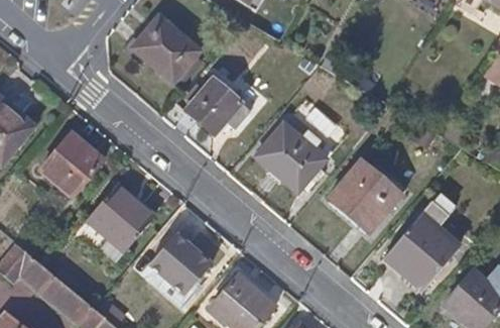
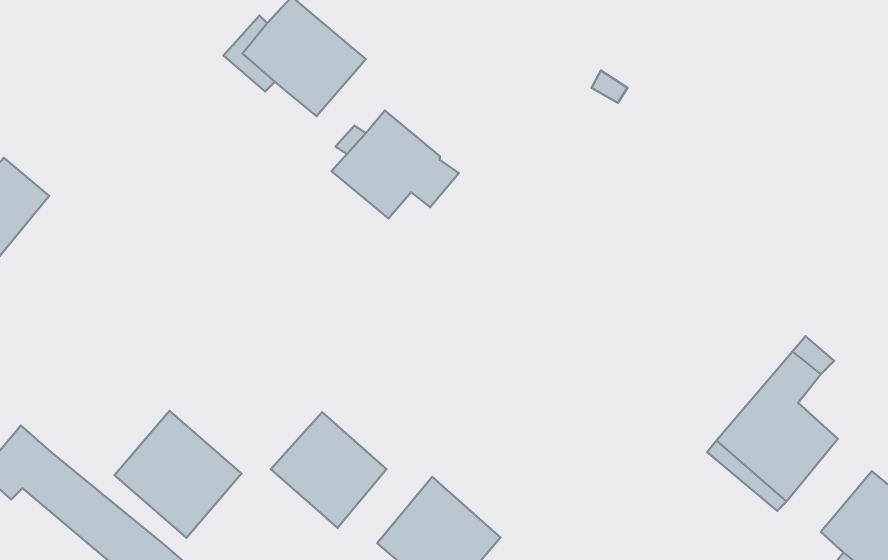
building: [256,123,326,191] -> none
building: [42,130,104,193] -> none
building: [328,159,399,231] -> none
building: [87,182,154,249] -> [114,411,241,538]

